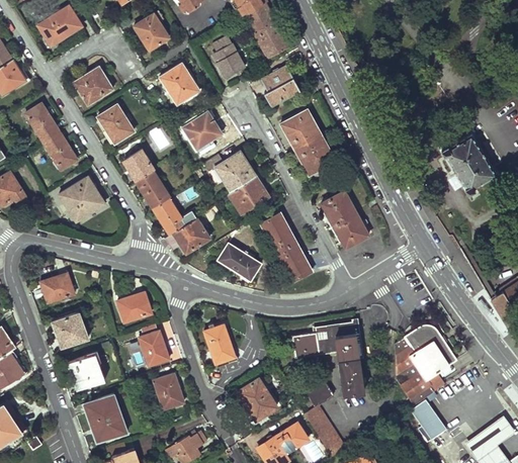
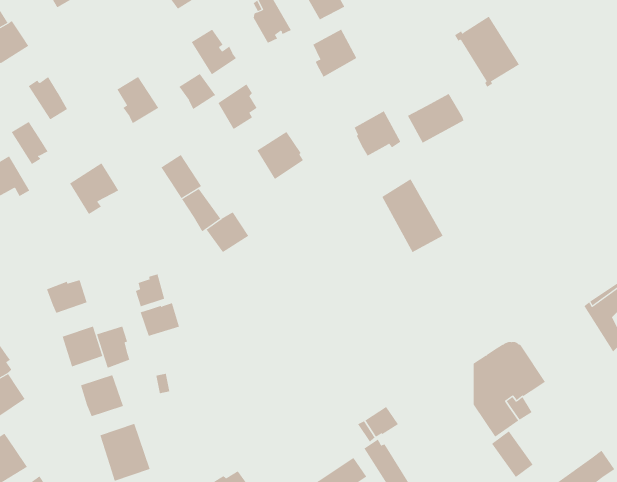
building: [78,67,113,103] -> none
building: [282,109,322,148] -> none
building: none -> [407,93,464,143]
building: [44,132,75,169] -> [11,121,48,165]
building: [441,133,496,193] -> [454,16,520,88]
building: [123,151,155,181] -> [178,73,216,110]
building: [228,175,270,213] -> none
building: [261,213,312,280] -> none
building: [219,244,261,279] -> none
building: none -> [135,274,165,307]
building: [290,321,365,392] -> none
building: [204,323,238,363] -> none
building: [140,331,168,366] -> [96,326,130,368]
building: [154,373,184,409] -> none
building: [237,378,277,426] -> none

